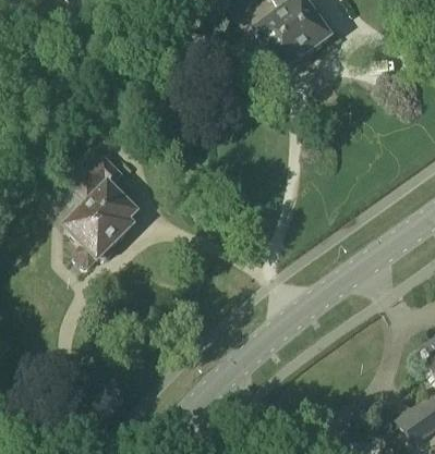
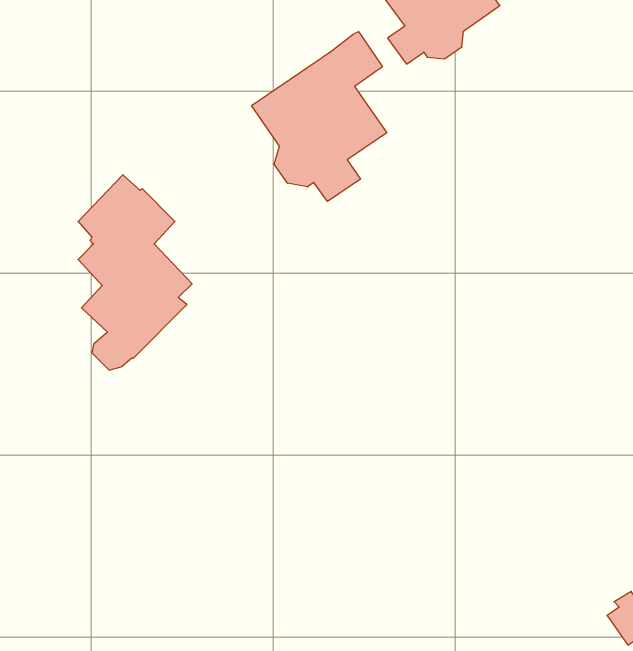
building: none -> [252,32,387,201]

